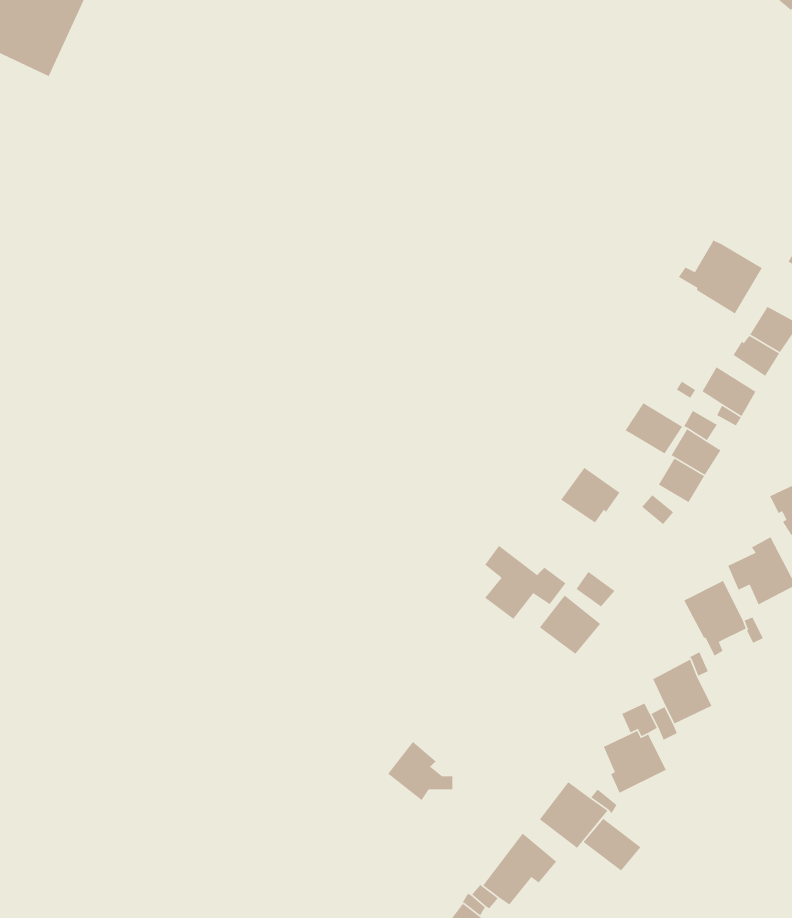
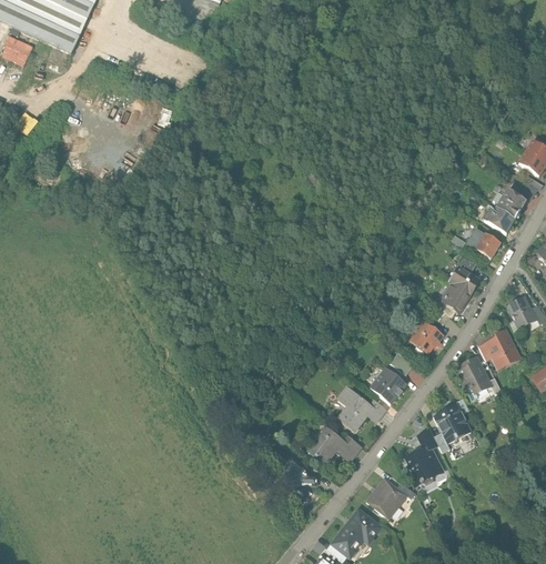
building: [678,239,763,314] -> none
building: [625,402,683,455] -> none
building: [560,467,621,524] -> [406,318,443,352]
building: [484,545,566,620] -> [336,384,386,430]
building: none -> [306,426,361,462]
building: [583,818,642,872] -> none

